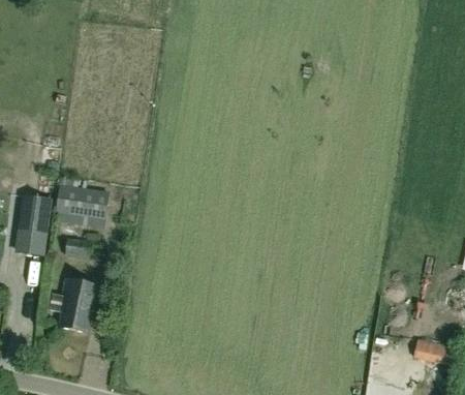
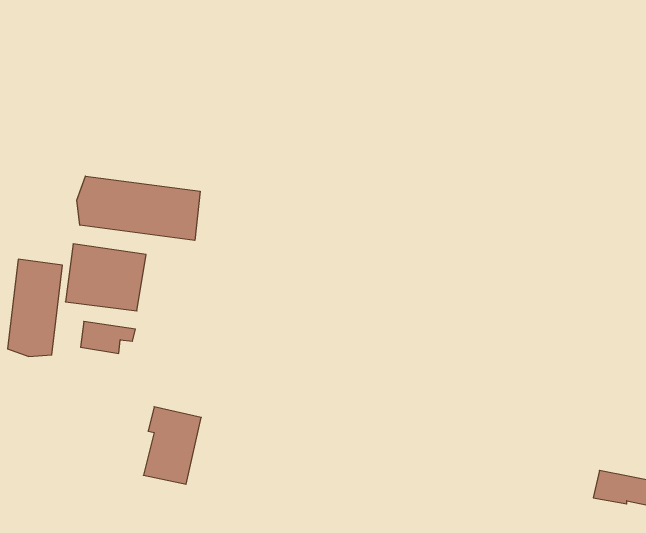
building: none -> [77,176,200,240]
building: [58,278,97,331] -> [143,407,201,484]

